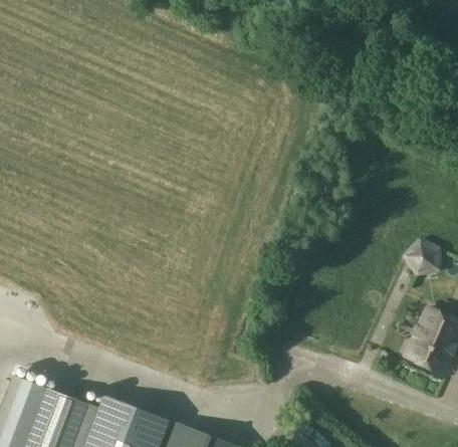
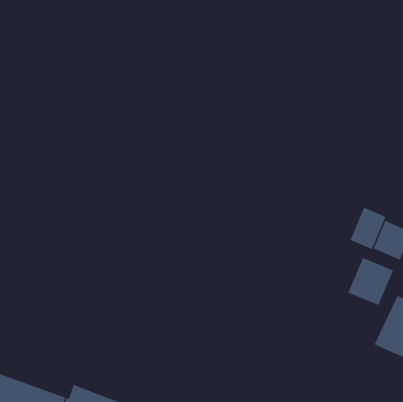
building: none -> [350,207,386,250]
building: none -> [347,257,394,306]

